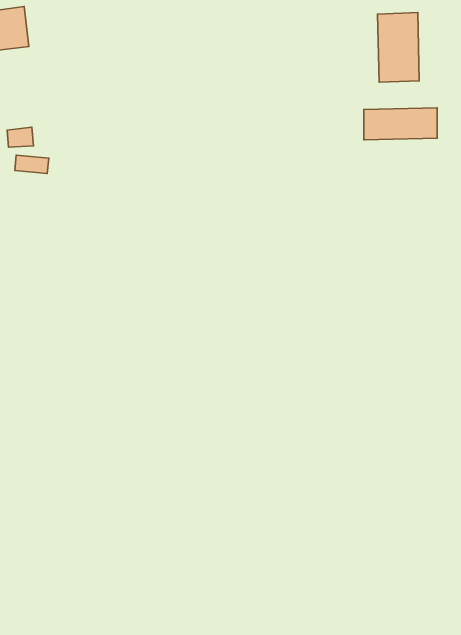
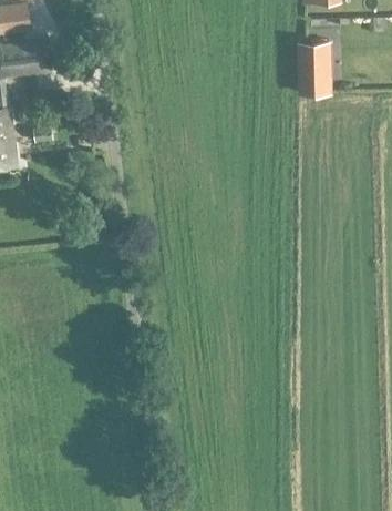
building: [364,108,437,140] -> none

